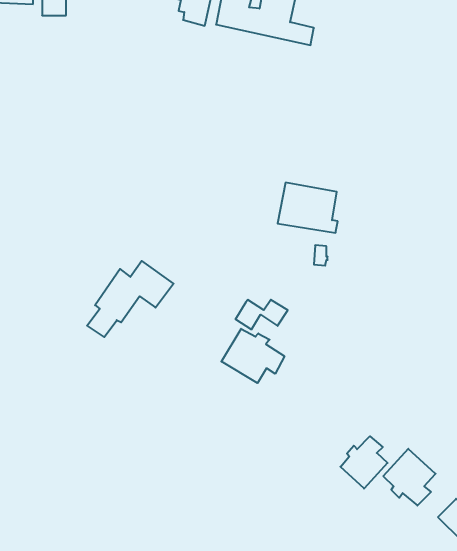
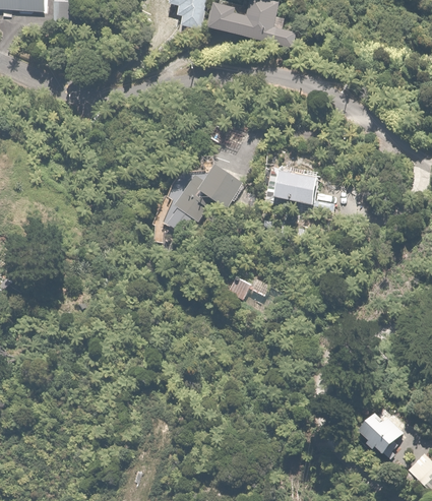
building: [87,261,174,337] -> [164,164,241,232]
building: [221,329,284,383] -> none
building: [340,436,388,489] -> none

